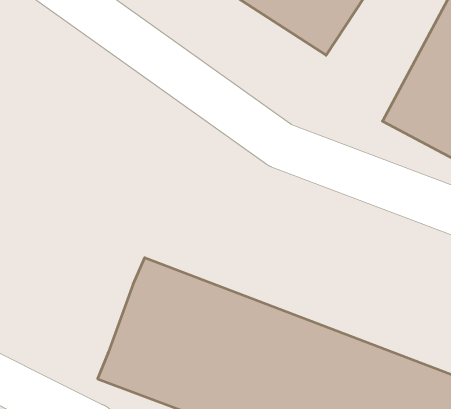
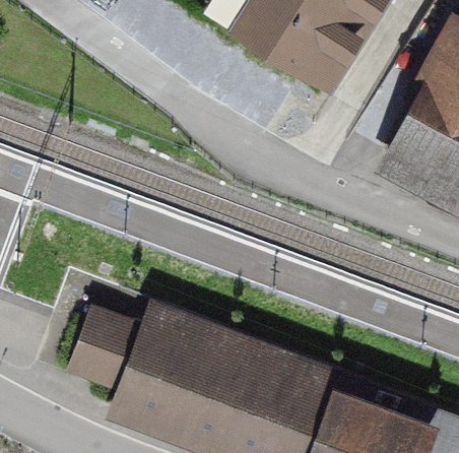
building: none -> [66,305,139,389]

